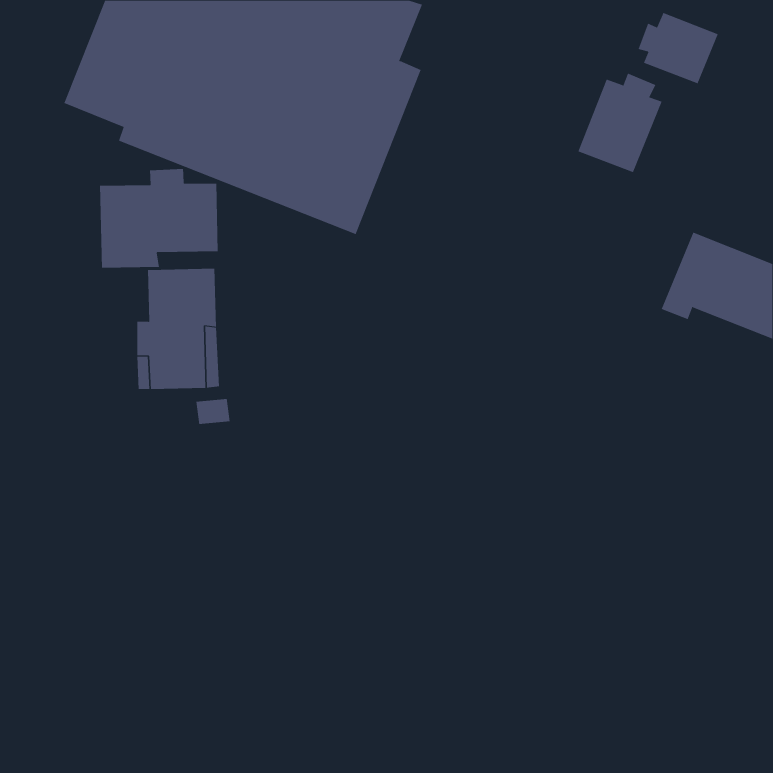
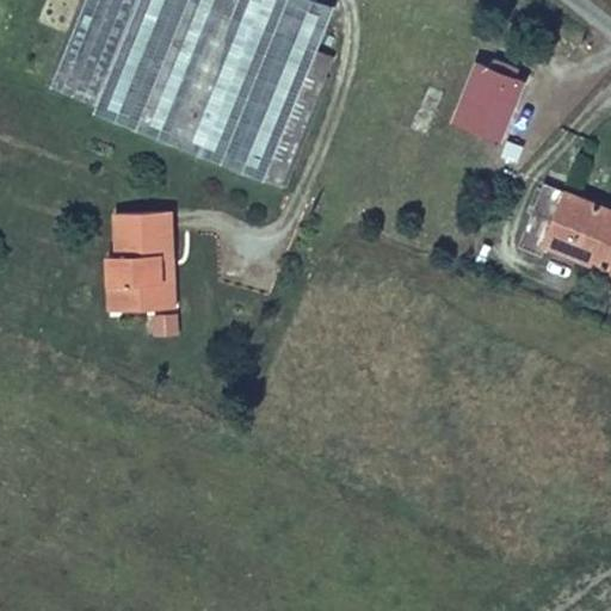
building: [638,12,718,84] -> none
building: [100,168,218,269] -> none

